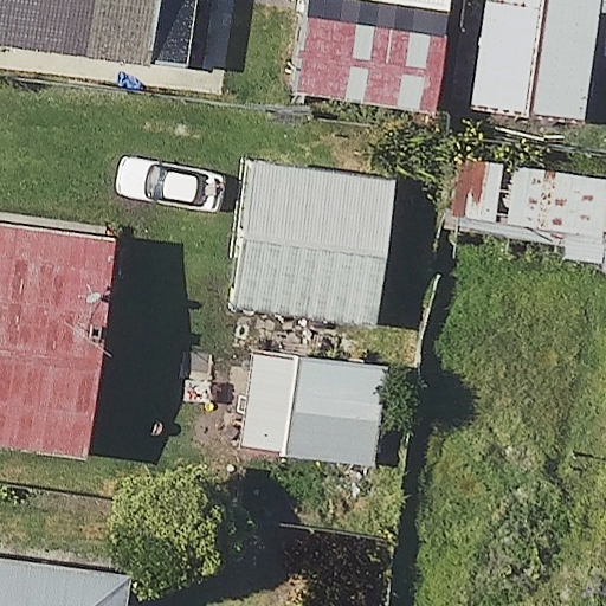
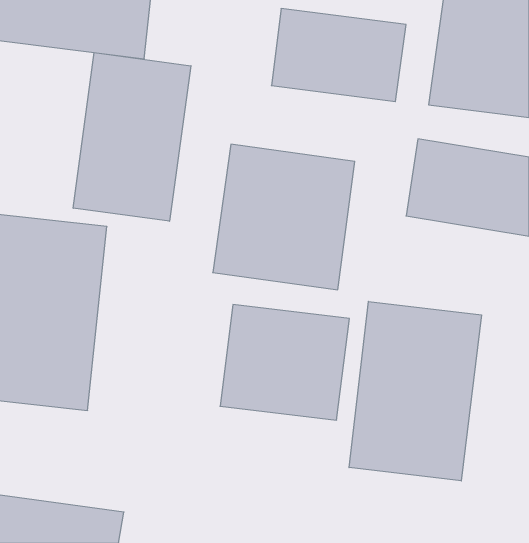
building: none -> [73,53,191,221]
building: none -> [349,301,481,481]

